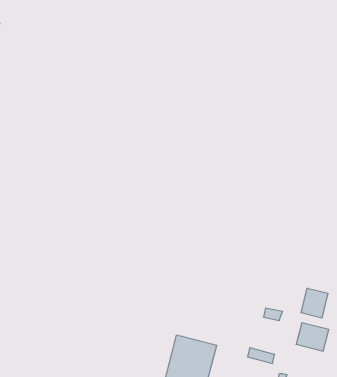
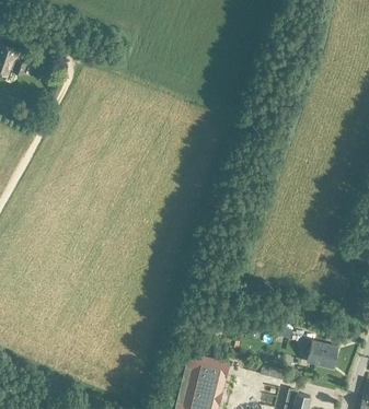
building: [301,288,328,318] -> none

